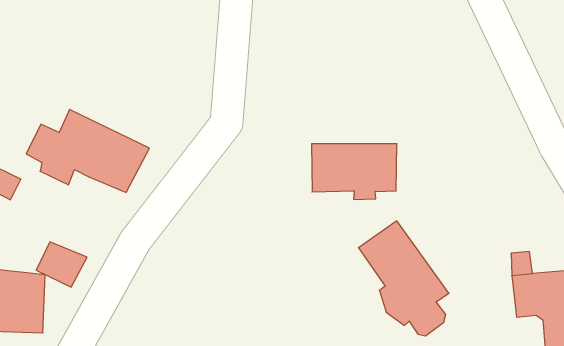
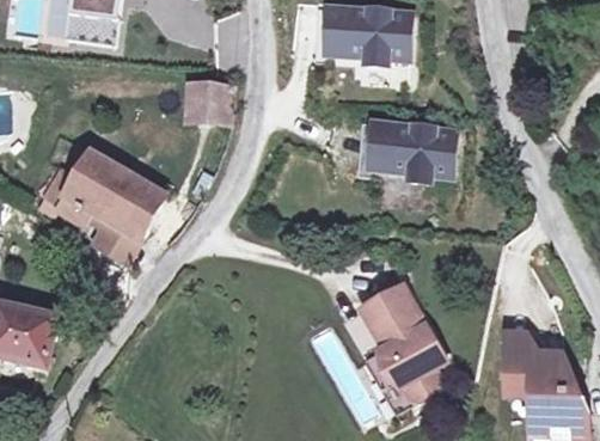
building: none -> [184,80,232,128]
building: [312,144,397,199] -> [366,121,452,179]
building: [36,242,87,287] -> [88,218,139,263]

